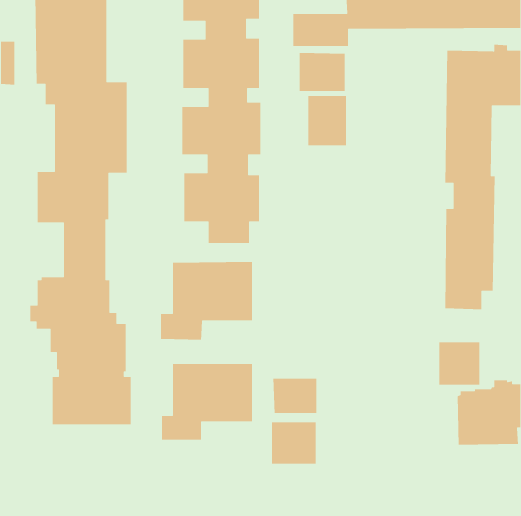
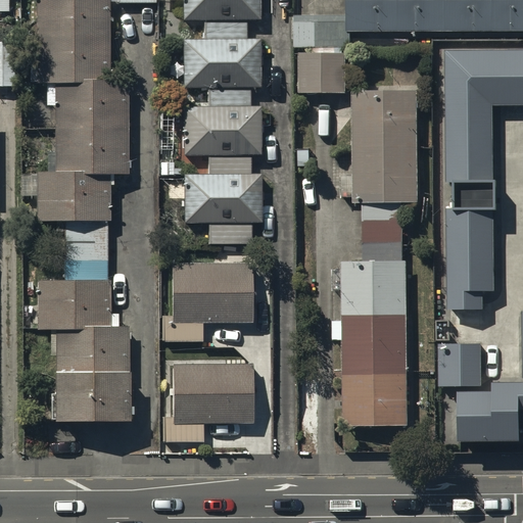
building: none -> [332,90,418,425]
building: [308,95,347,146] -> none
building: [273,378,317,414] -> none
building: [271,421,316,465] -> none

